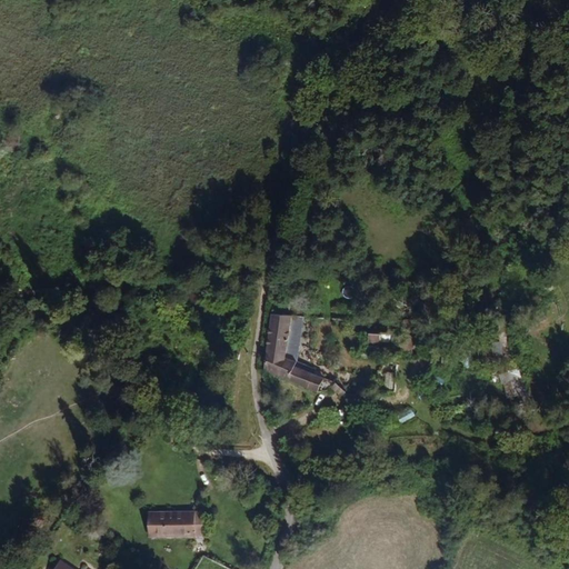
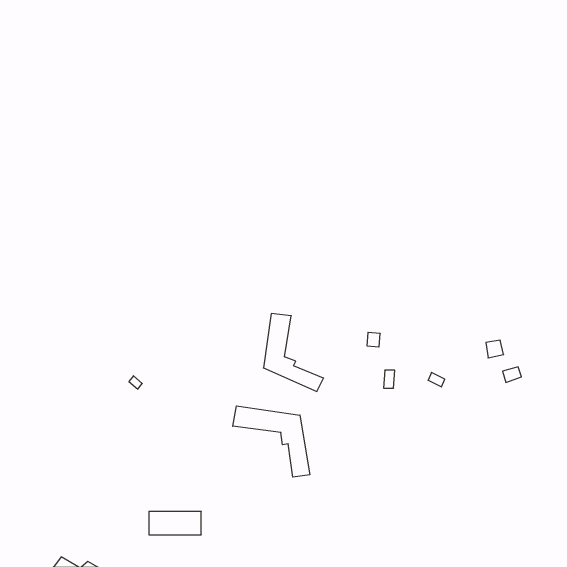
building: none -> [233,406,310,477]

